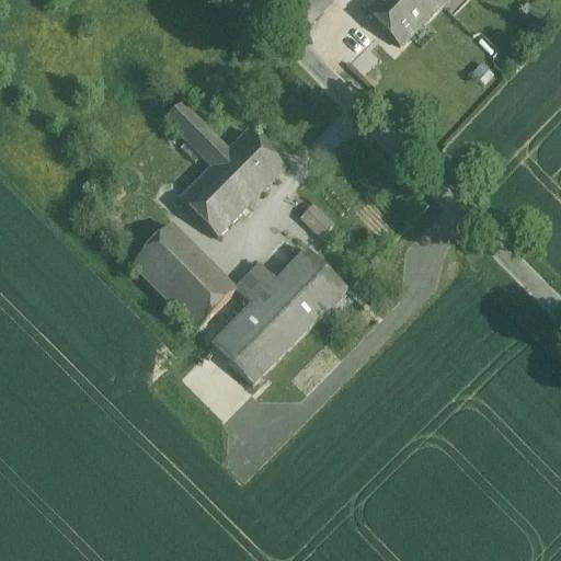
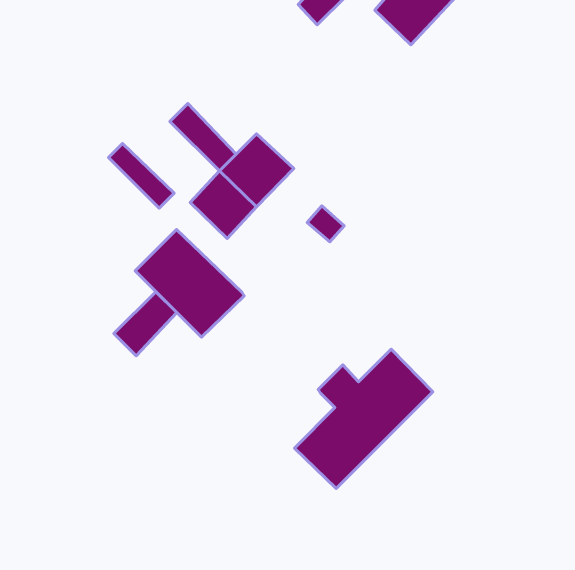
building: none -> [108,143,174,208]
building: [213,245,347,381] -> [294,349,433,489]
building: none -> [114,292,177,356]

